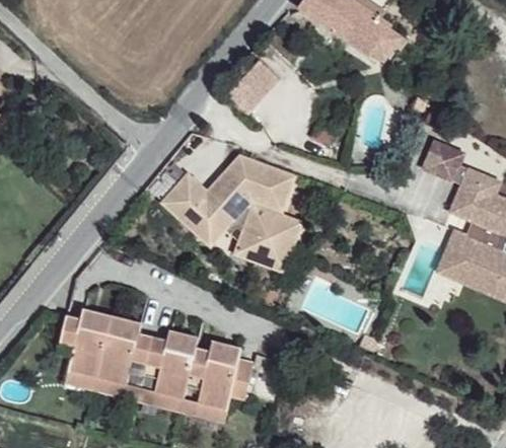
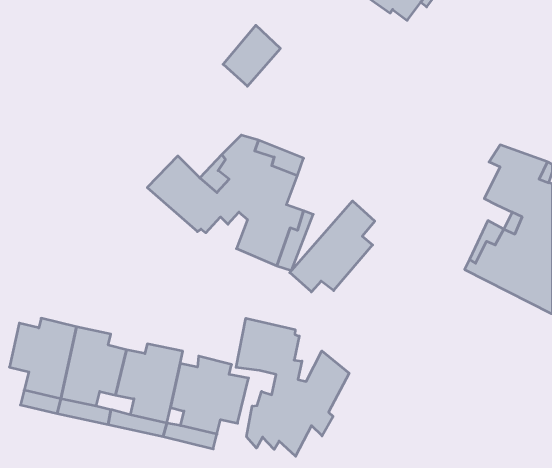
building: [422,138,464,179] -> none
building: none -> [290,201,375,292]
building: none -> [236,318,349,456]

